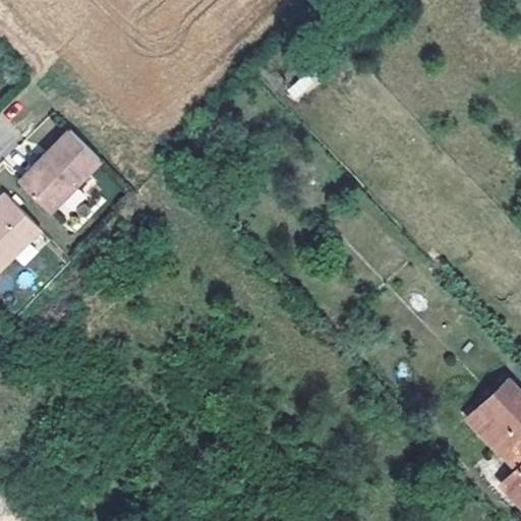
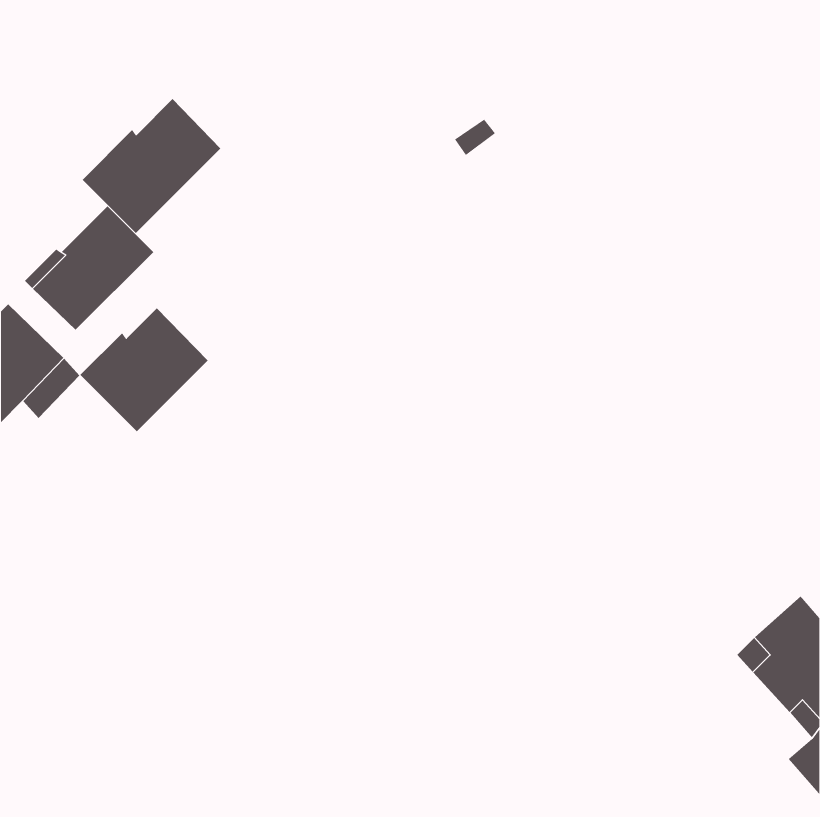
building: none -> [82,98,221,234]
building: none -> [80,308,209,432]

